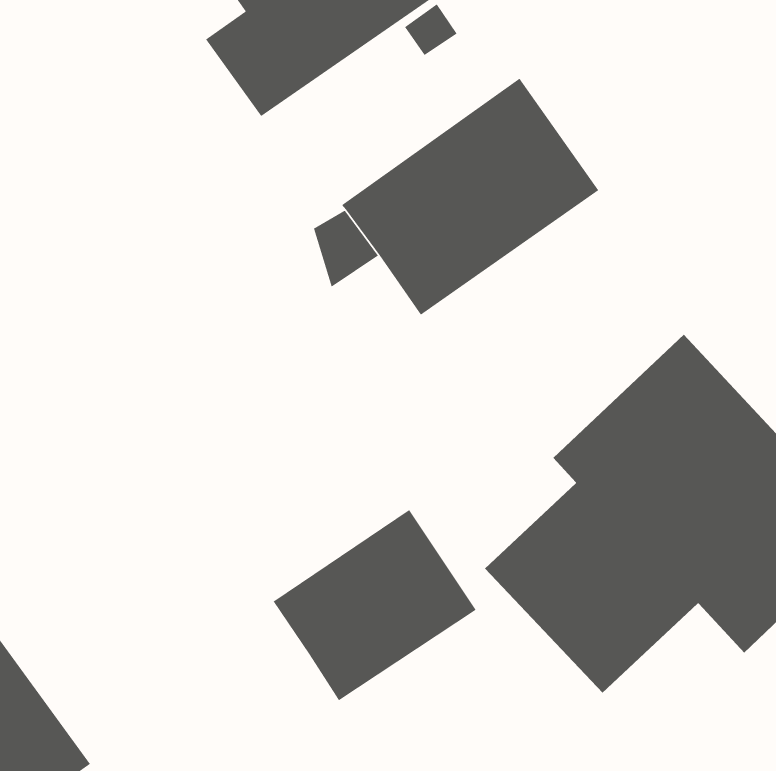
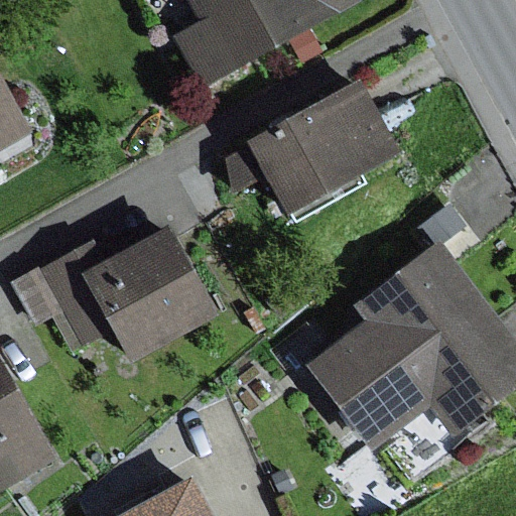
building: none -> [40,226,217,366]
building: [273,509,476,701] -> none

